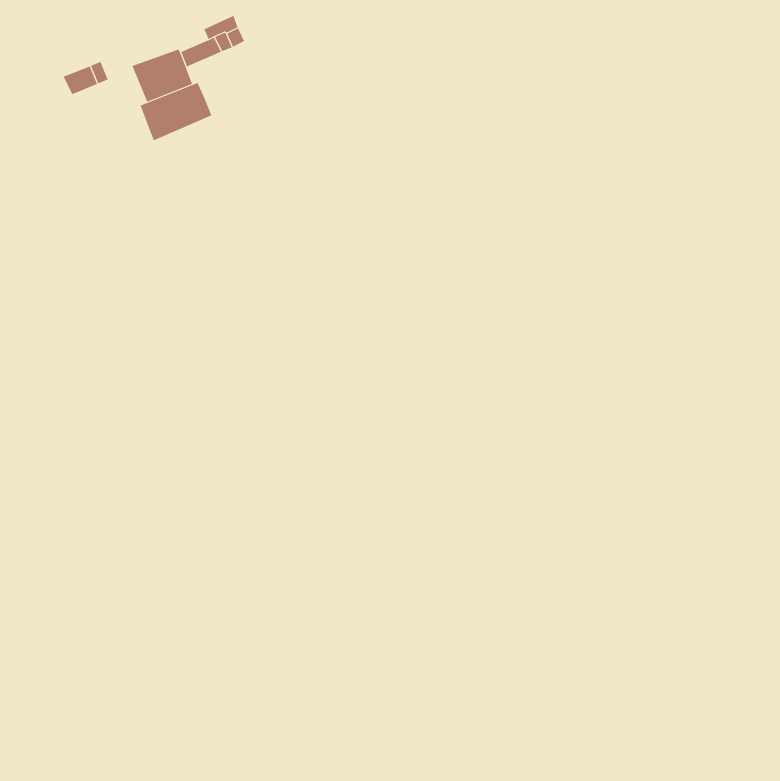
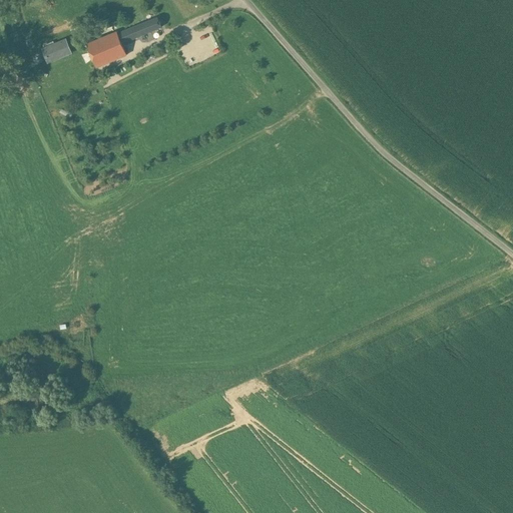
building: [140,82,212,141] -> none

